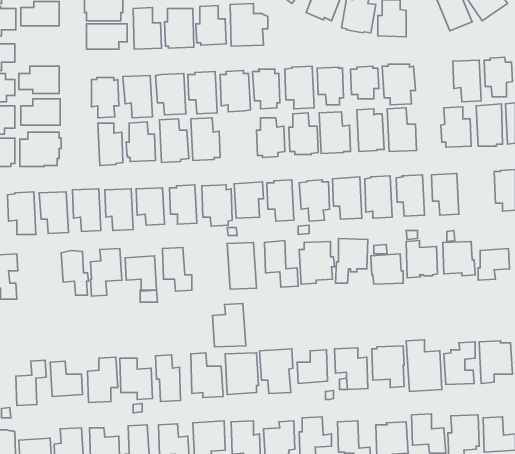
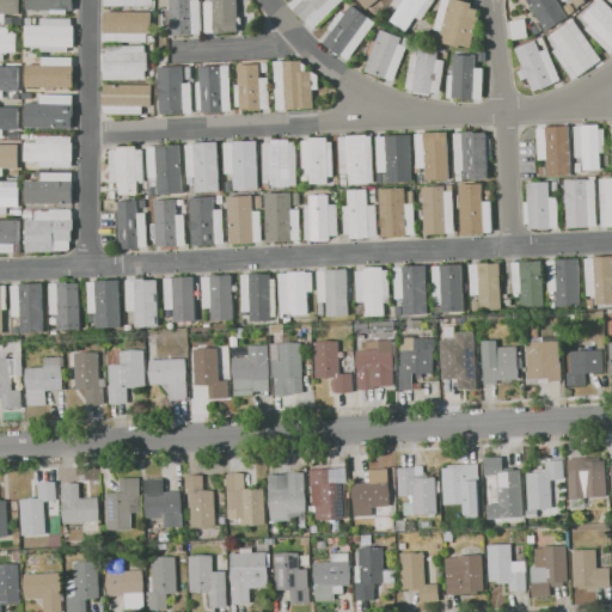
building: none -> [24,93,72,127]
building: none -> [264,191,300,241]
building: none -> [545,259,579,305]
building: none -> [24,356,65,408]
building: [212,303,246,347] -> [231,343,270,394]

